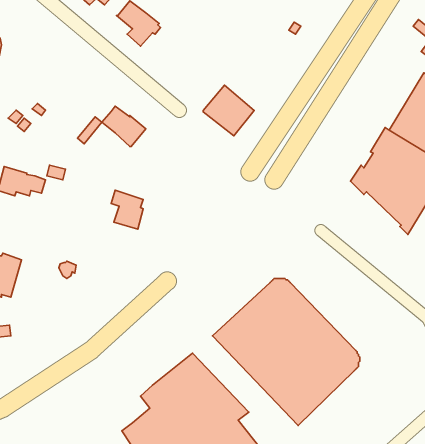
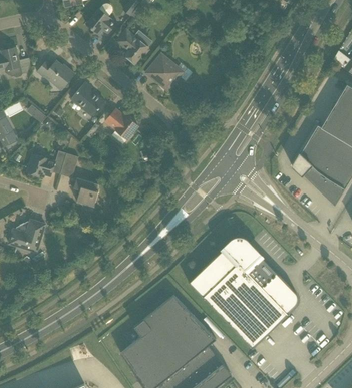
building: none -> [37,59,74,88]
building: none -> [71,82,104,116]
building: [203,85,254,136] -> [145,53,184,91]
building: [111,190,143,229] -> [74,177,98,207]

